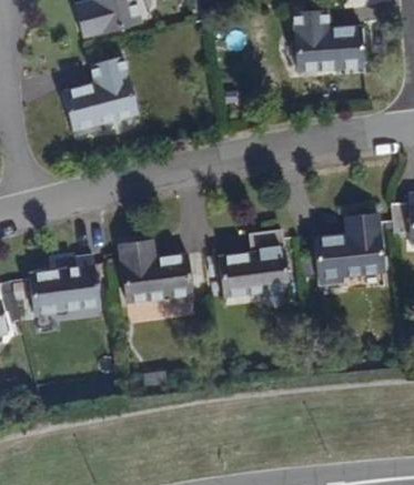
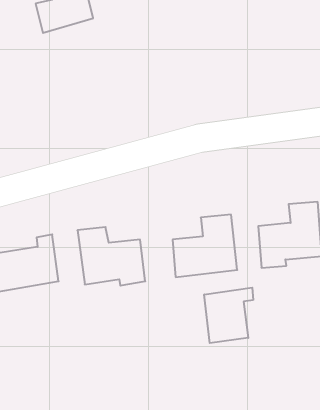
building: [294,10,365,77] -> none
building: [61,57,135,138] -> none
building: none -> [204,288,253,343]

